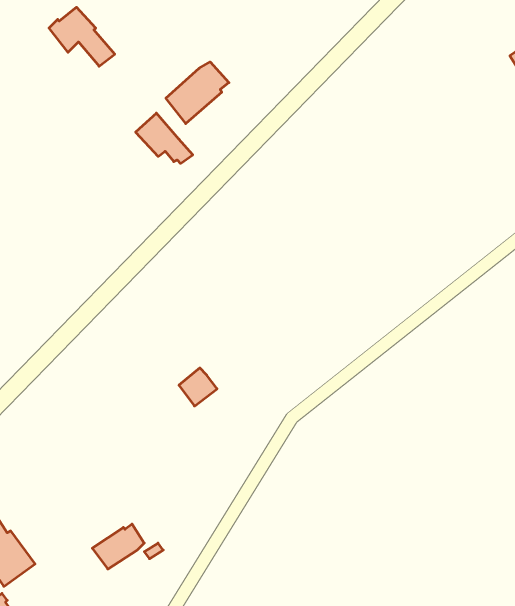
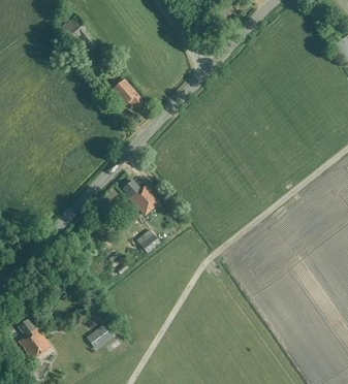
building: [166,62,229,124] -> none
building: none -> [121,180,158,214]

